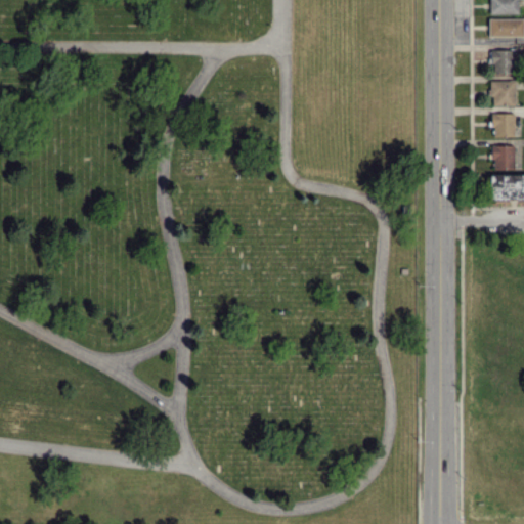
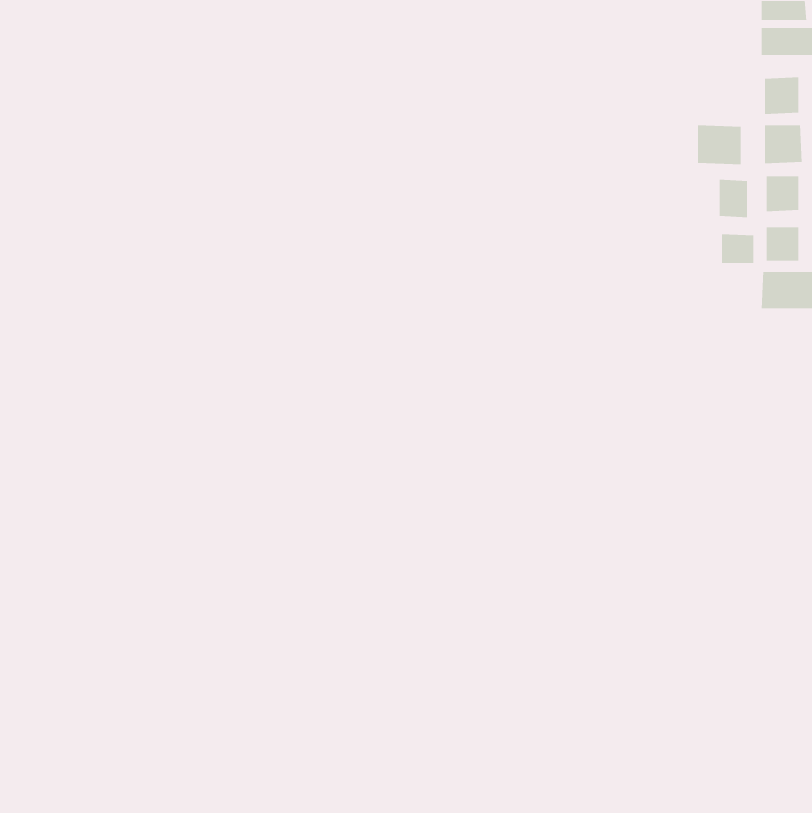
building: none -> [697,125,742,165]
building: none -> [719,179,748,218]
building: none -> [721,233,754,264]

